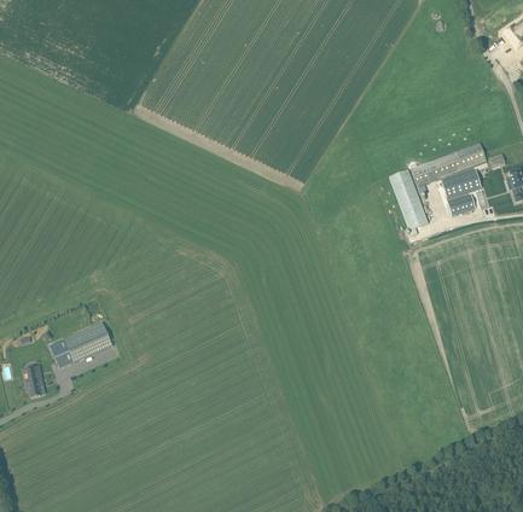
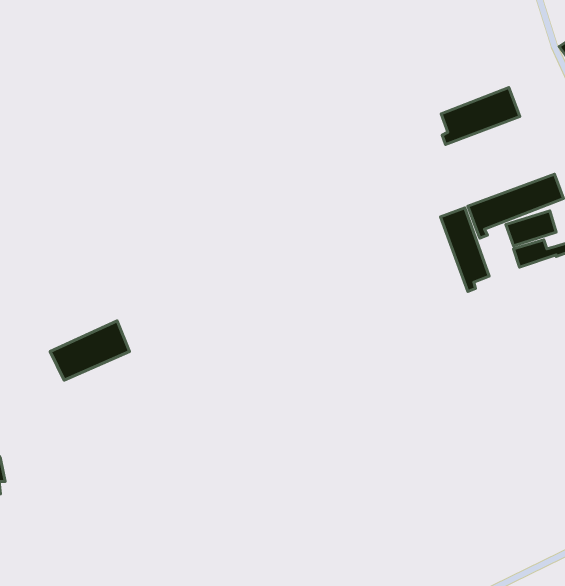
building: none -> [441,87,520,145]
building: [50,321,112,368] -> [50,321,129,380]

